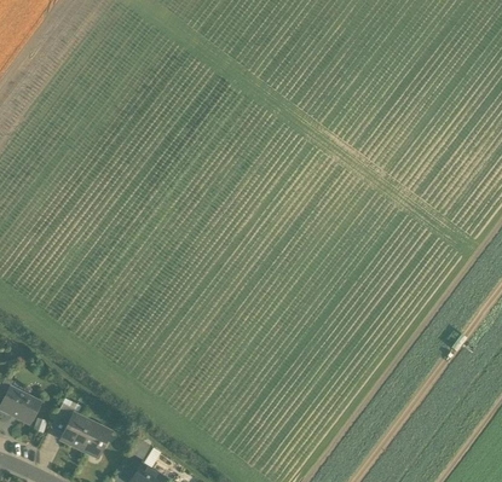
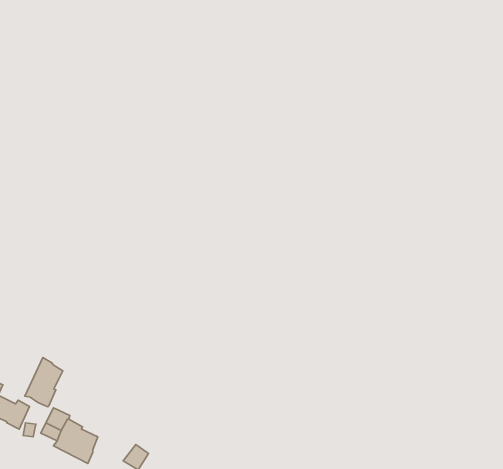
building: none -> [25,358,63,407]

